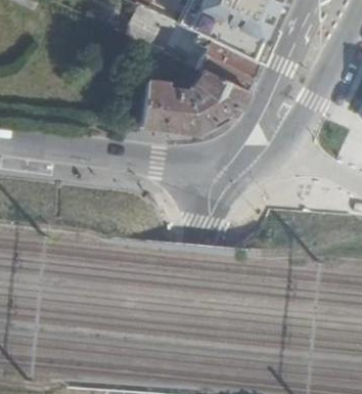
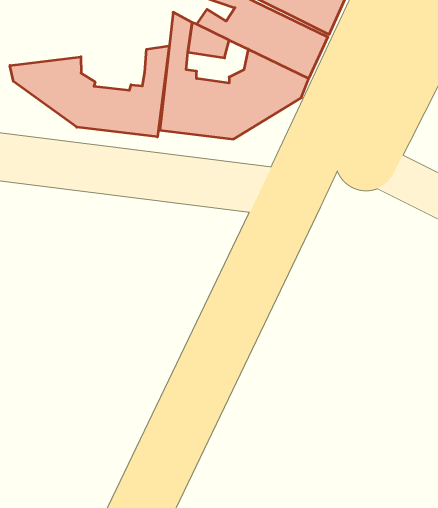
building: none -> [10,46,169,137]

